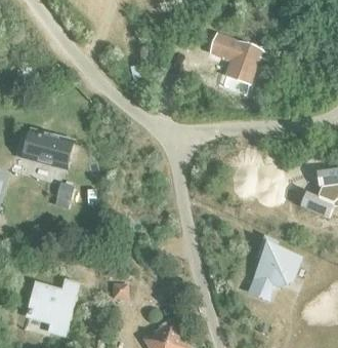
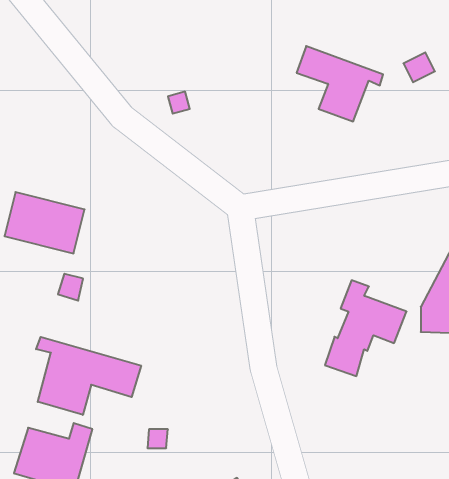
building: none -> [36,337,141,415]
building: [248,237,301,300] -> [325,280,407,376]

